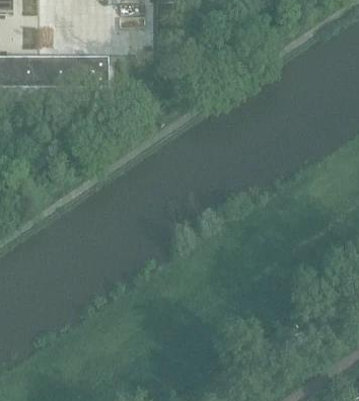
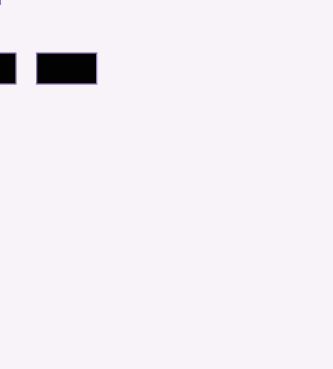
building: [27,62,48,88] -> none

